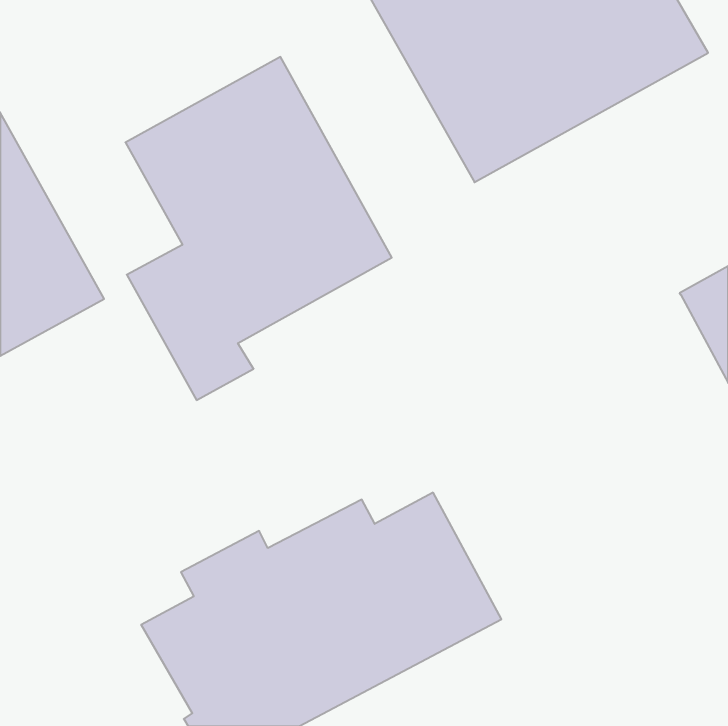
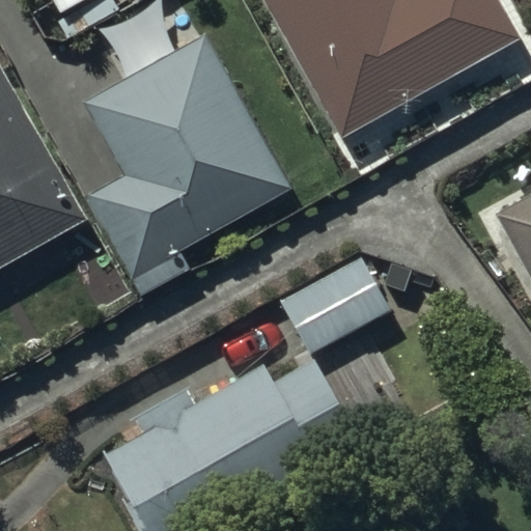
building: none -> [278,256,391,355]

